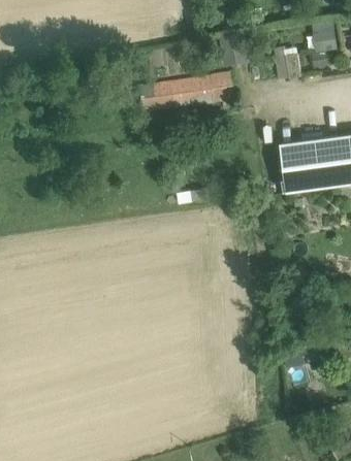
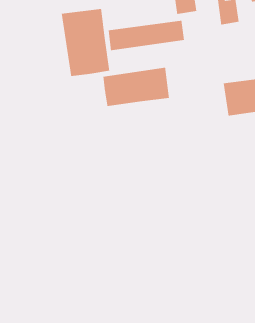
building: none -> [61,8,110,77]
building: none -> [103,67,170,107]

